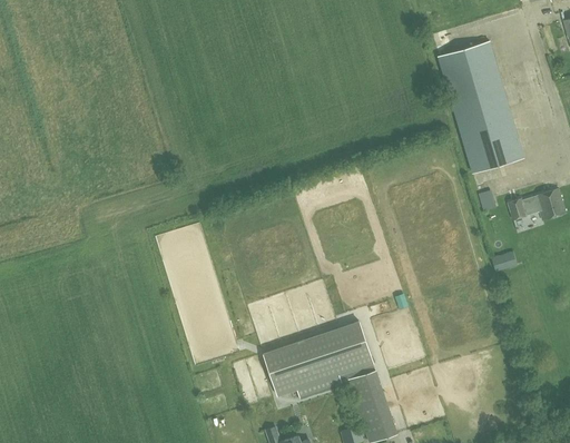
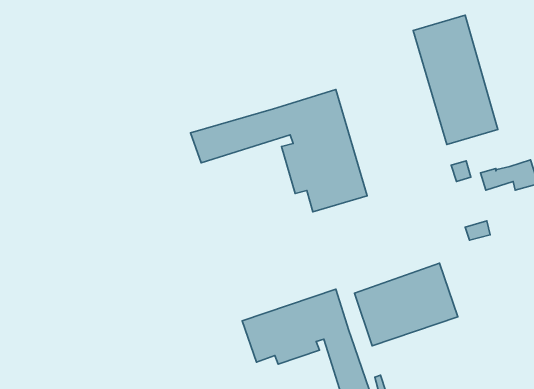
building: none -> [190,89,367,212]
building: none -> [354,263,458,346]

